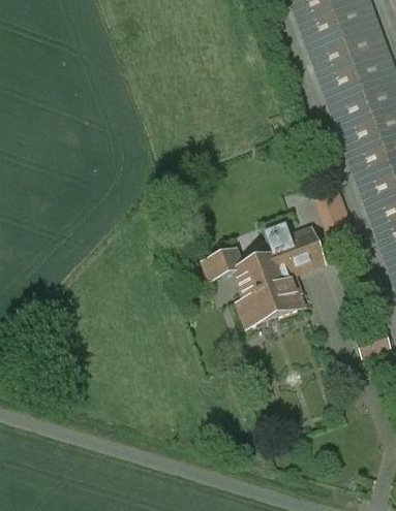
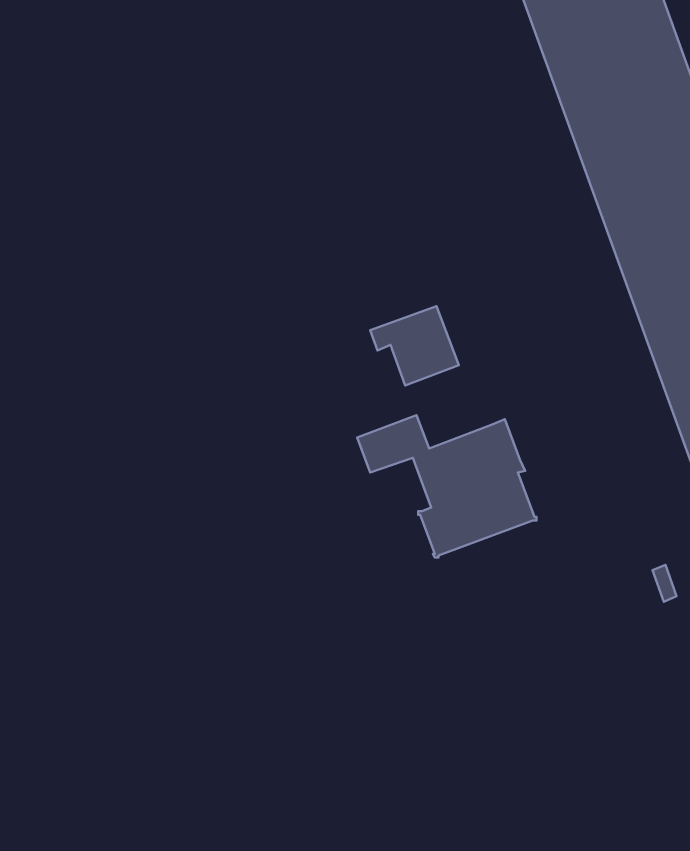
building: [273,225,323,269] -> [370,306,459,386]

